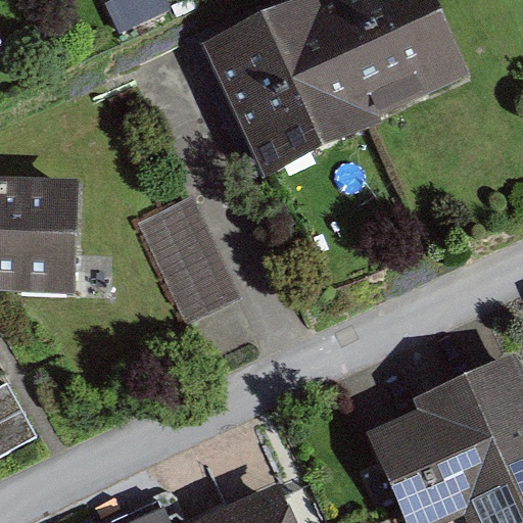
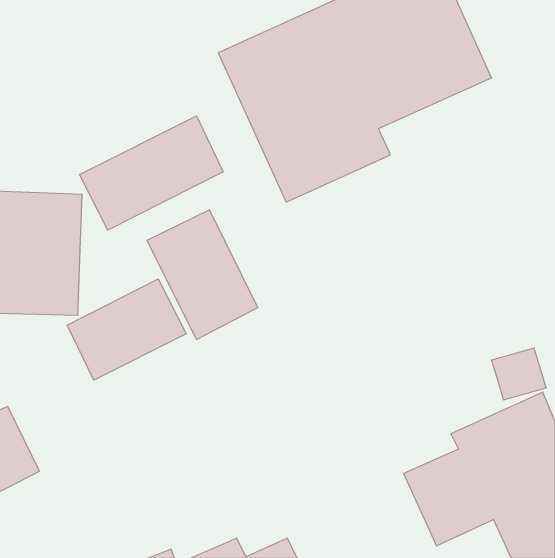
building: none -> [79,116,223,230]
building: none -> [67,279,186,380]

